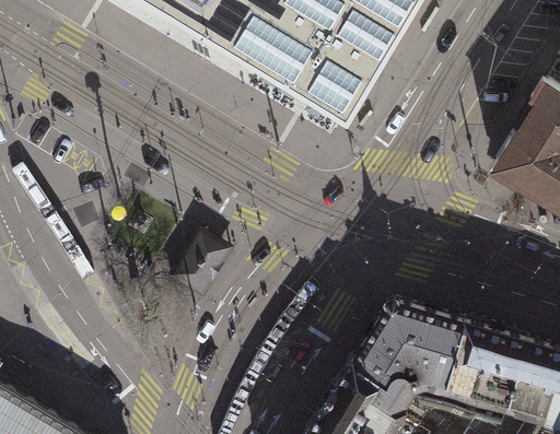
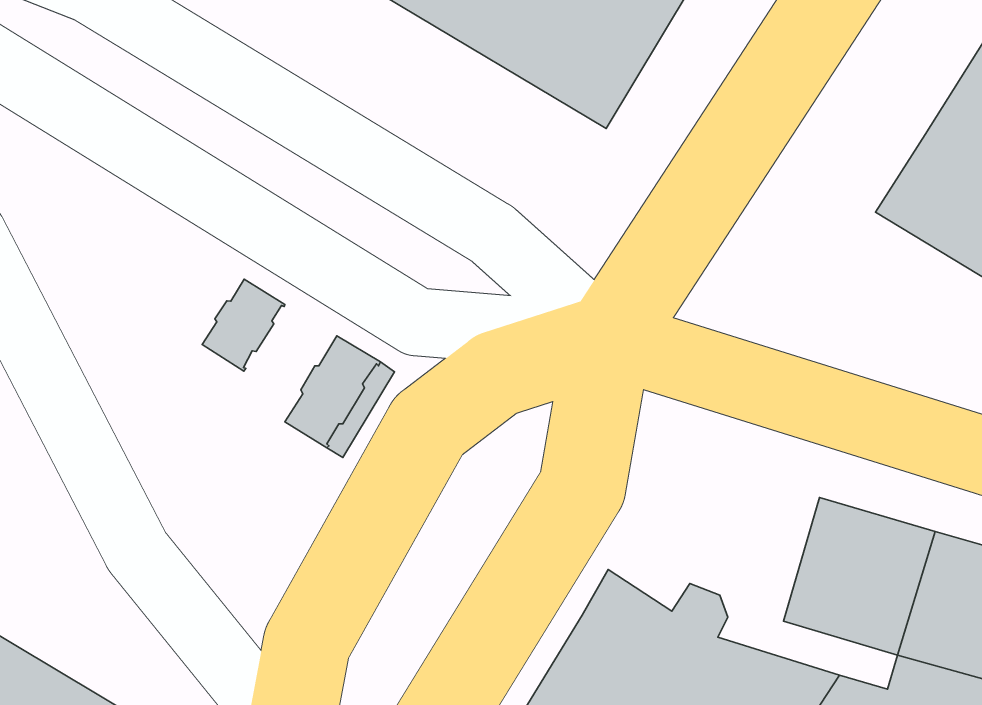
building: none -> [202,279,285,371]
building: [349,296,465,387] -> none

